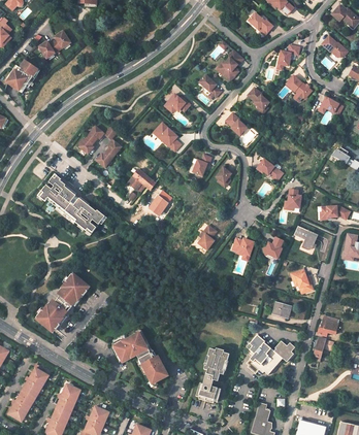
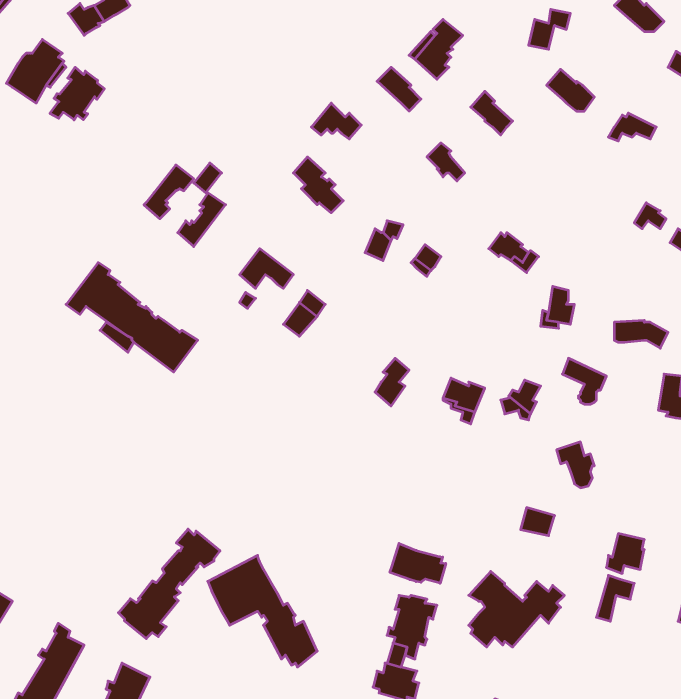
building: none -> [50,67,104,120]
building: [35,274,88,331] -> [118,529,220,639]
building: none -> [390,543,446,583]

